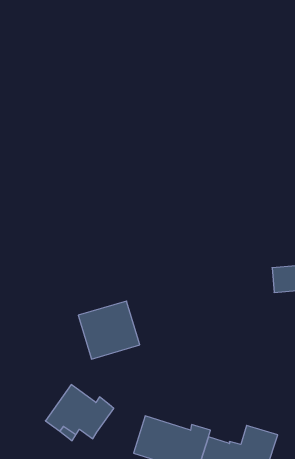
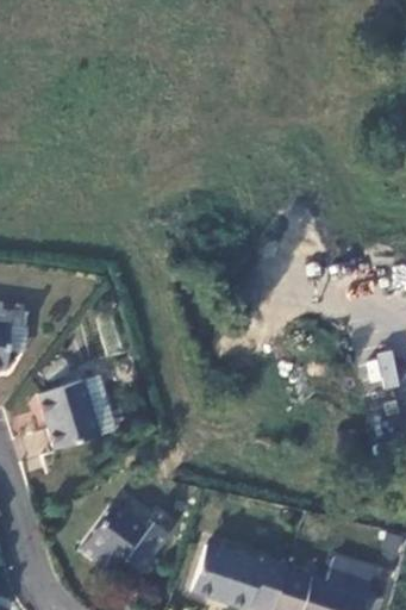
building: [78,301,140,359] -> [39,376,117,449]

